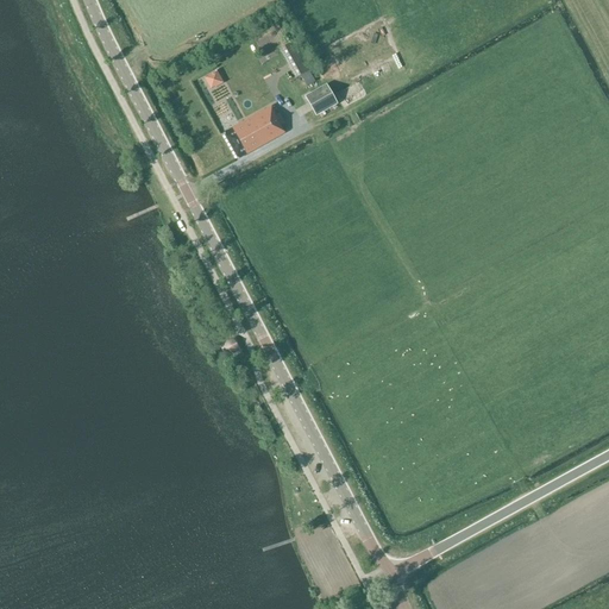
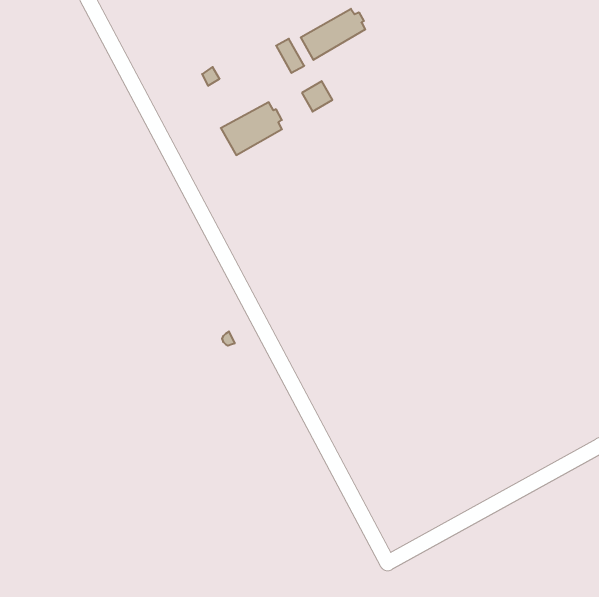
building: none -> [301,9,365,60]

